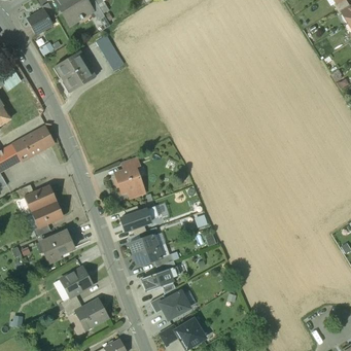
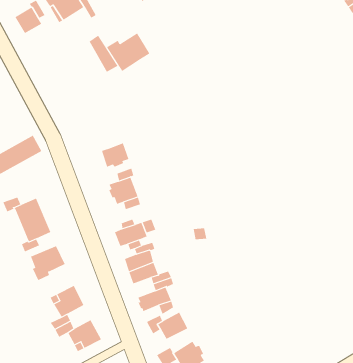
building: none -> [106,33,150,72]
building: [55,50,95,91] -> none
building: none -> [101,143,129,167]

